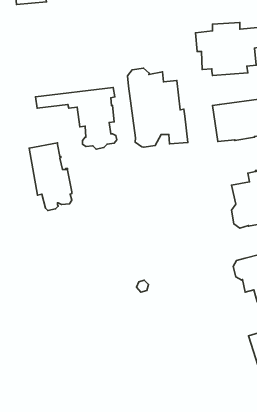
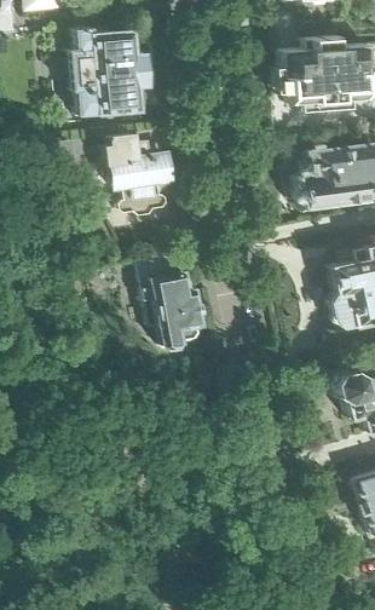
building: none -> [67,28,144,116]
building: [127,68,188,147] -> none
building: [29,143,72,211] -> [139,253,200,349]

